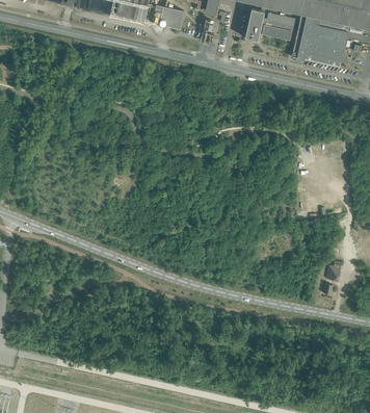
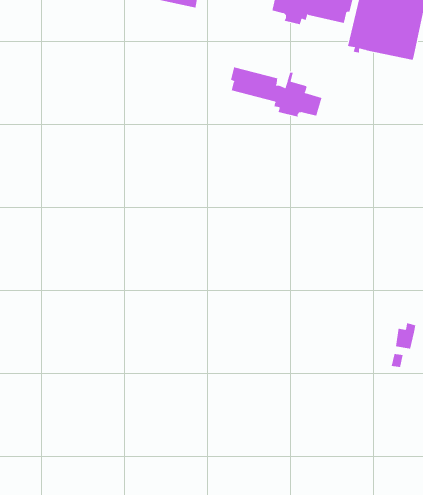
building: none -> [230,66,322,118]

